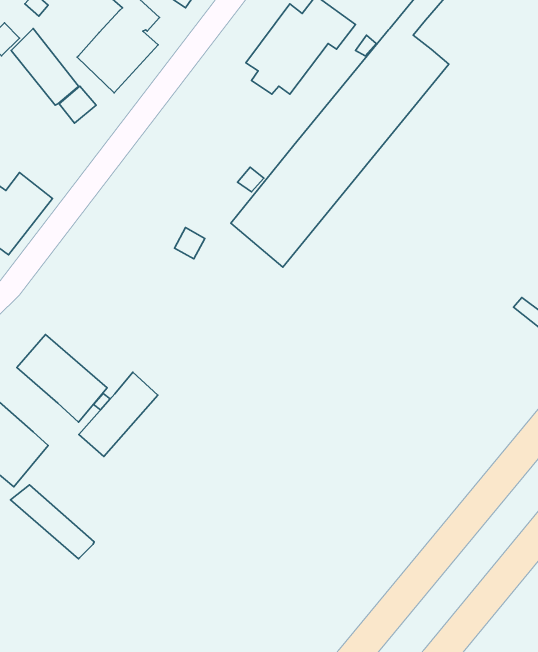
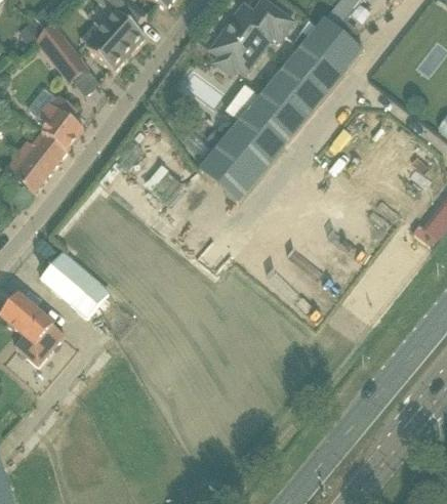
building: none -> [38,94,84,150]
building: [79,372,158,456] -> none
building: [11,485,94,559] -> none

